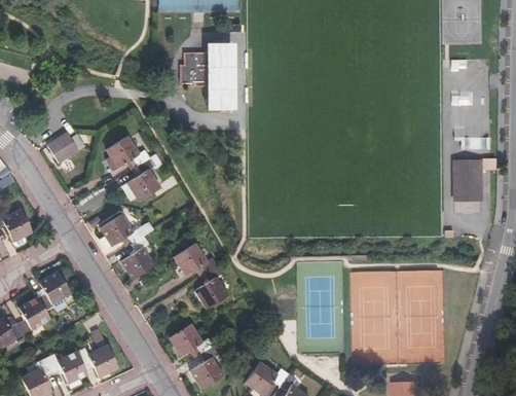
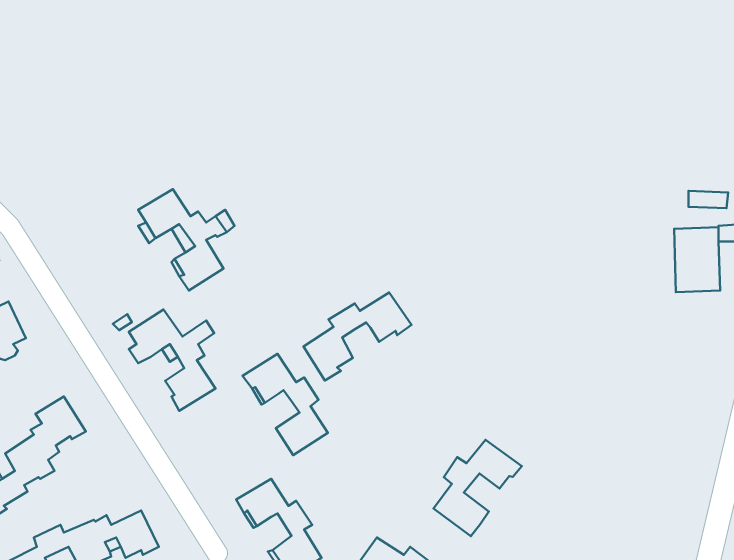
building: [180,43,232,108] -> none
building: [47,132,85,163] -> none
building: none -> [303,292,411,381]
building: none -> [434,440,522,536]

